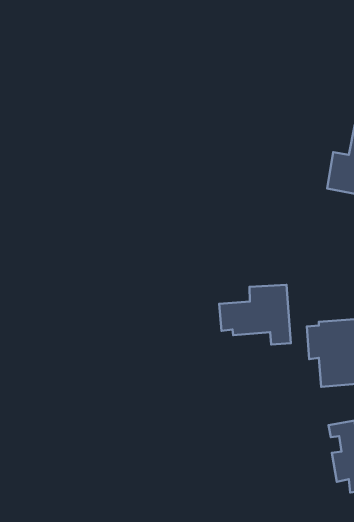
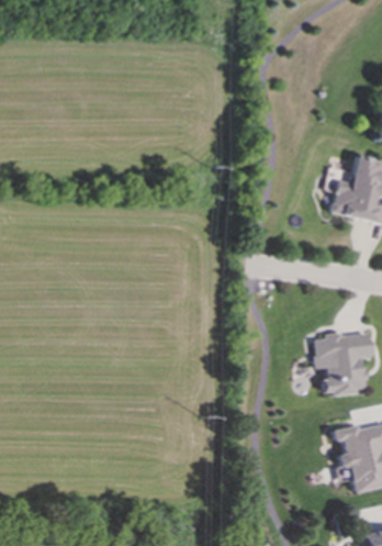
building: [219,285,291,345] -> none

